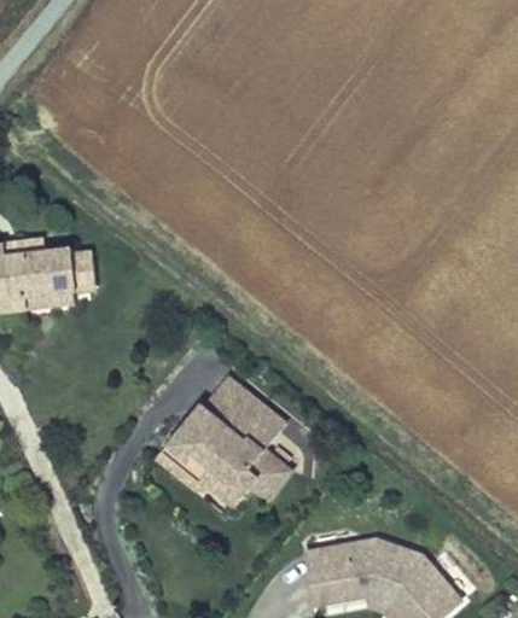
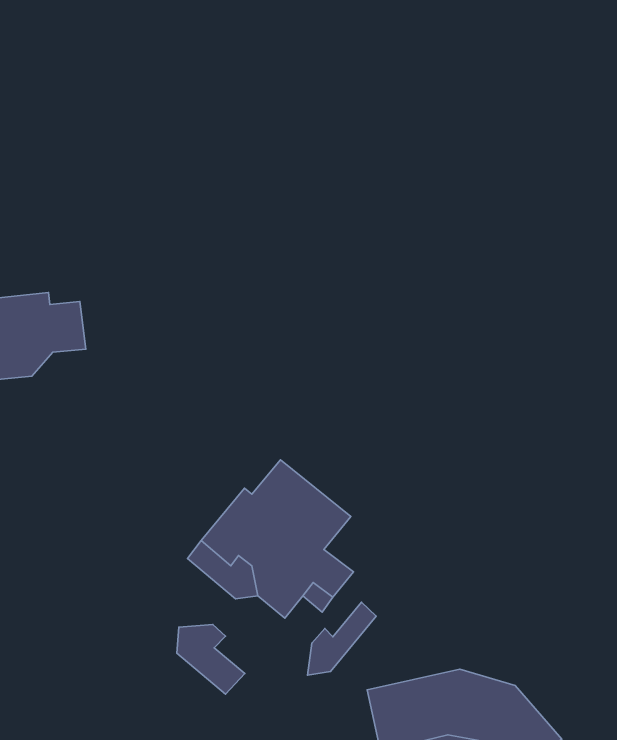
building: none -> [308,602,376,675]
building: none -> [177,624,245,694]

